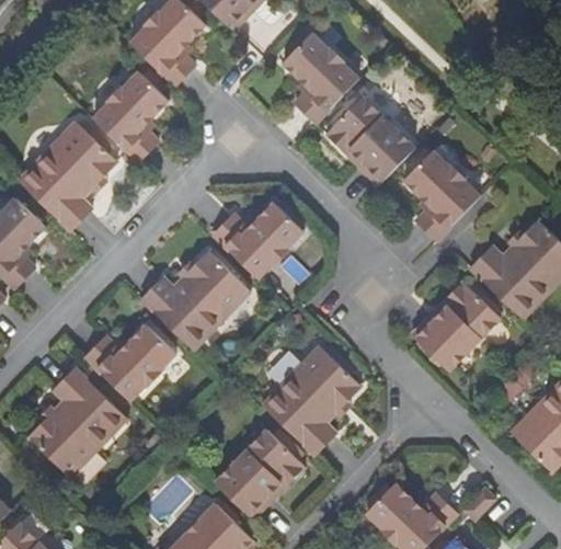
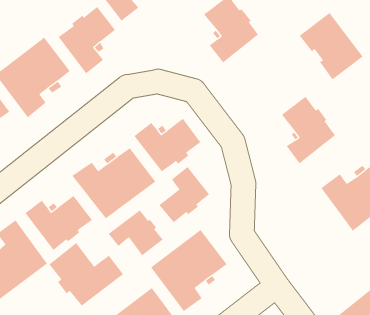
building: [325,95,414,184] -> [299,12,363,80]
building: none -> [159,166,210,223]
building: [410,281,499,369] -> none
building: none -> [108,209,163,256]
building: none -> [49,242,124,307]

